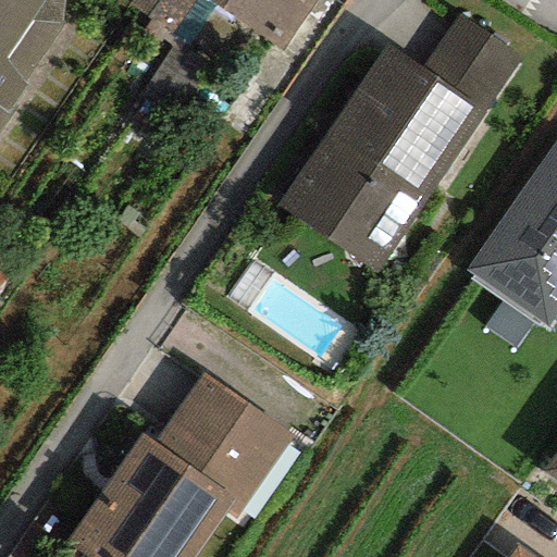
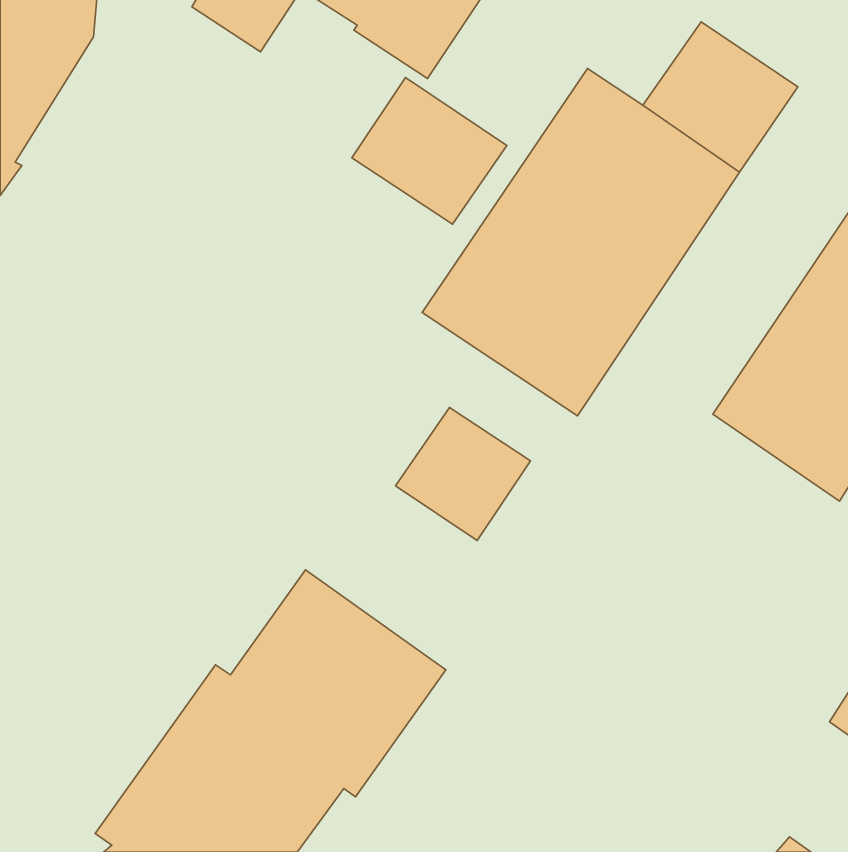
building: none -> [352,78,507,224]
building: none -> [396,407,530,541]

